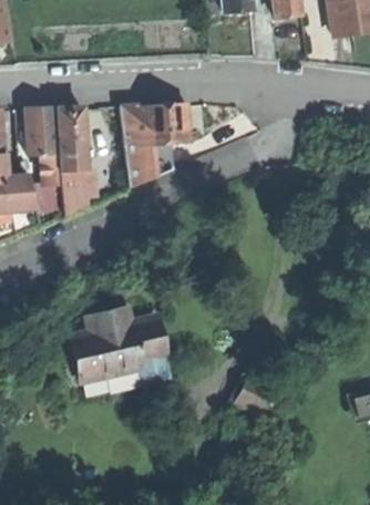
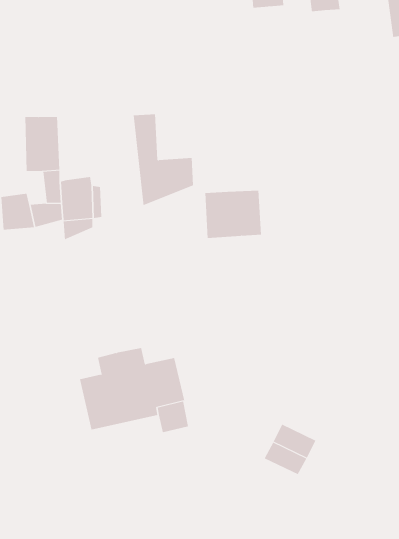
building: [140,104,189,146] -> [204,190,262,239]
building: [56,107,83,164] -> none

